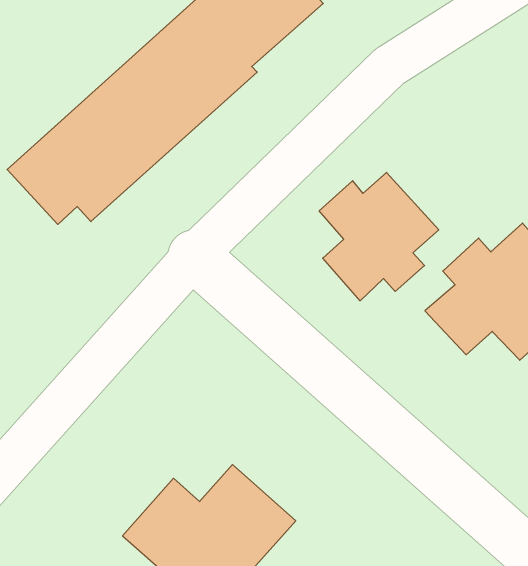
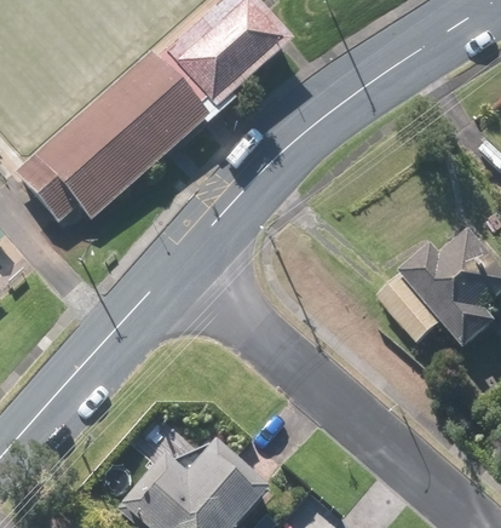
building: [319,172,439,301] -> none

